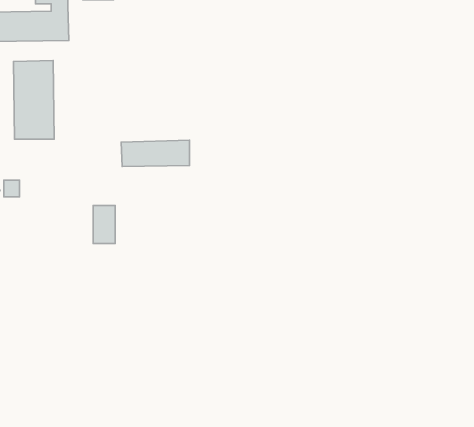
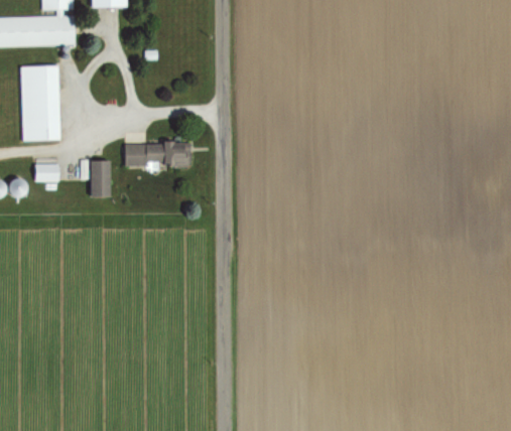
building: none -> [35,163,59,181]
building: [93,206,115,243] -> [91,159,112,195]

